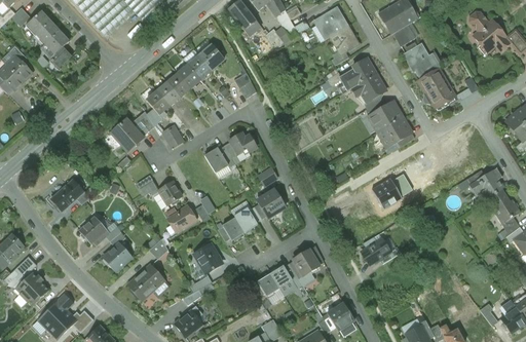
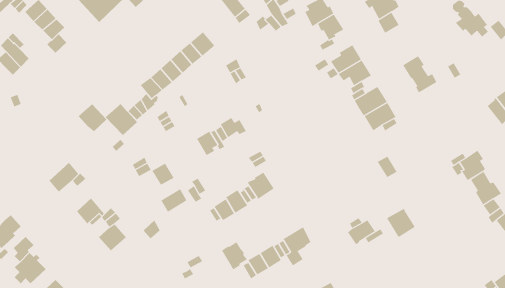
building: [403,42,437,78] -> none
building: none -> [78,103,107,132]
building: [372,177,402,207] -> [386,208,415,238]
building: [194,242,222,272] -> [221,241,248,270]
building: [127,264,166,300] -> none

